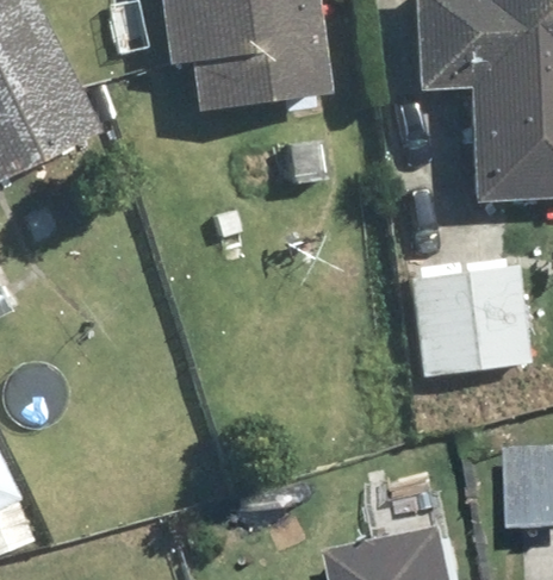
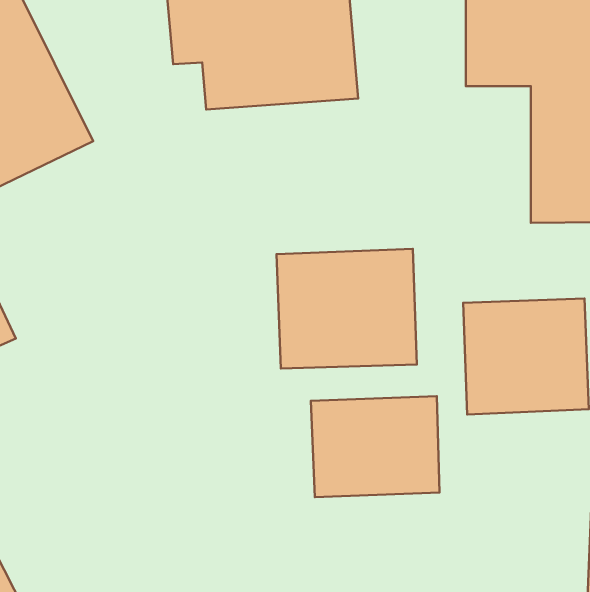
building: none -> [277,249,417,368]
building: none -> [311,396,439,497]

